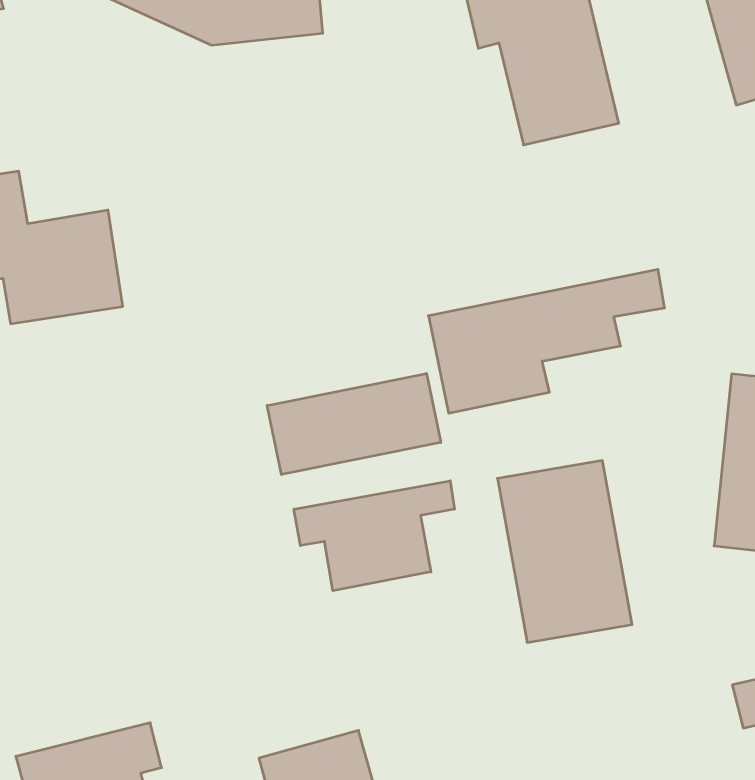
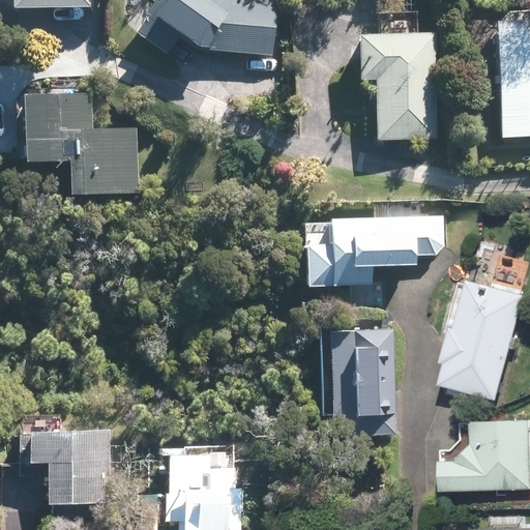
building: [267,373,441,475] -> none
building: [294,481,455,591] -> none

